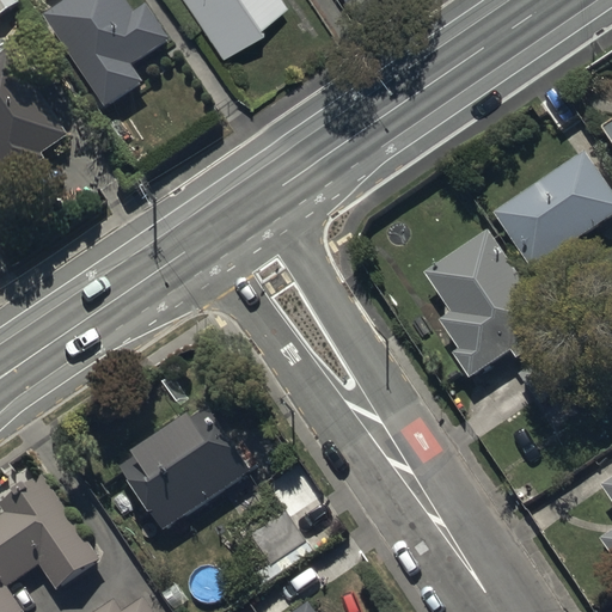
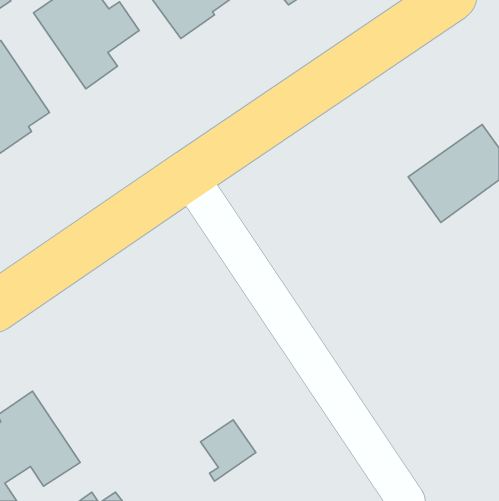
building: [422,228,555,380] -> none
building: [117,415,249,531] -> none

